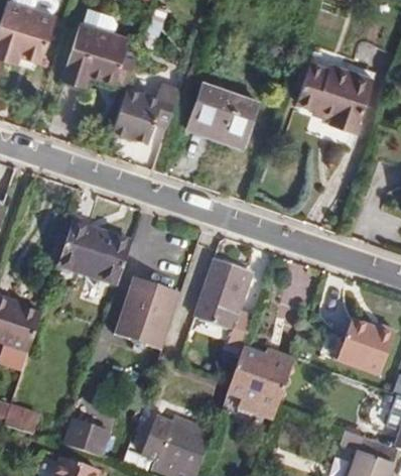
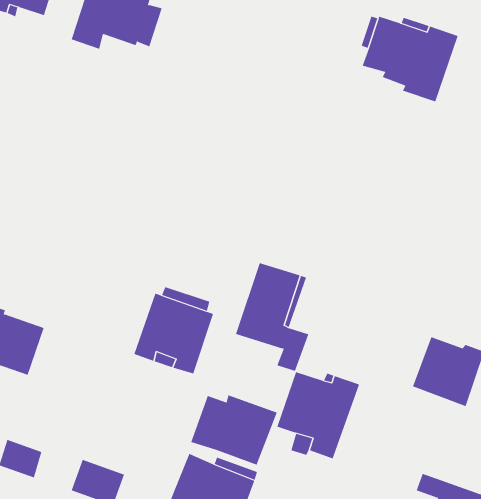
building: [111,82,179,138] -> none
building: [187,84,256,142] -> none
building: [58,217,132,283] -> none
building: none -> [191,394,278,466]

